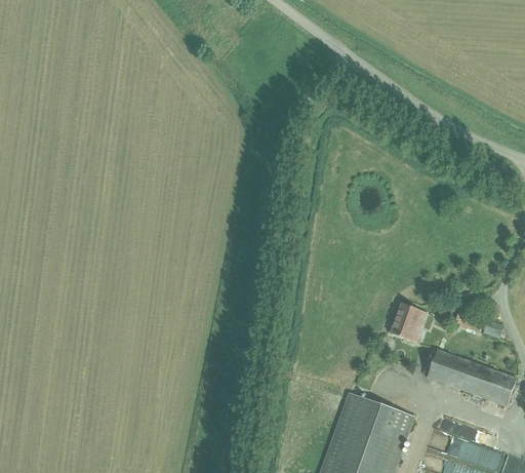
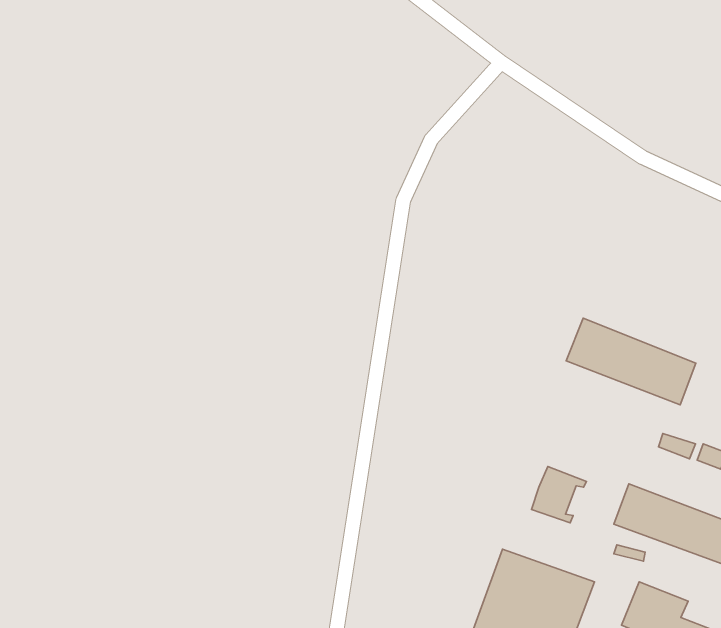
building: none -> [566,318,696,405]
building: [391,304,429,343] -> [531,466,586,523]

